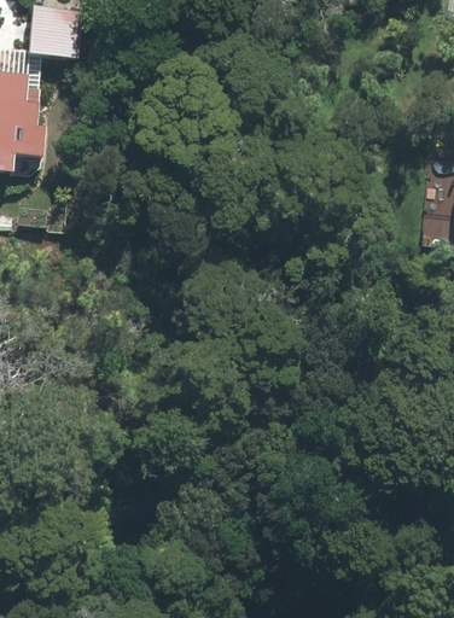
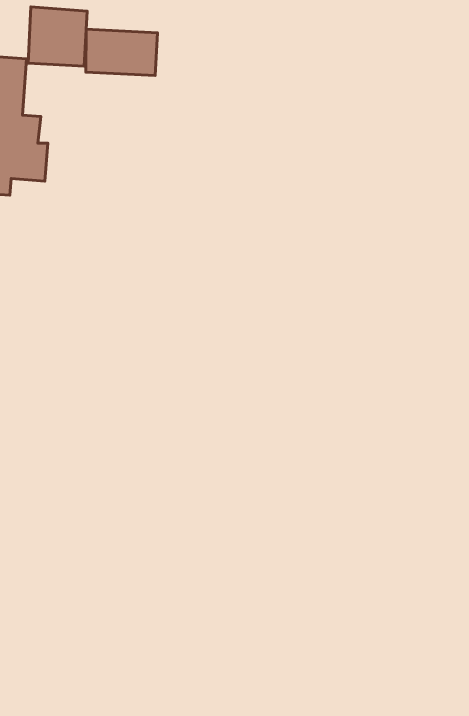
building: none -> [86,29,157,76]

